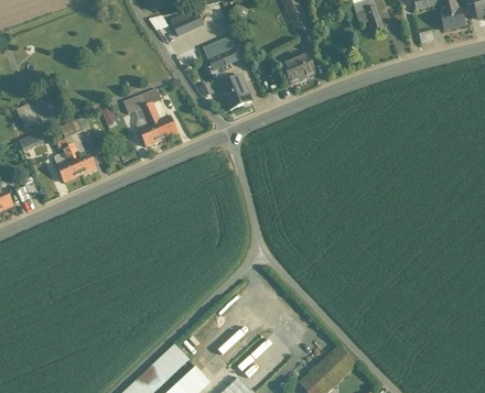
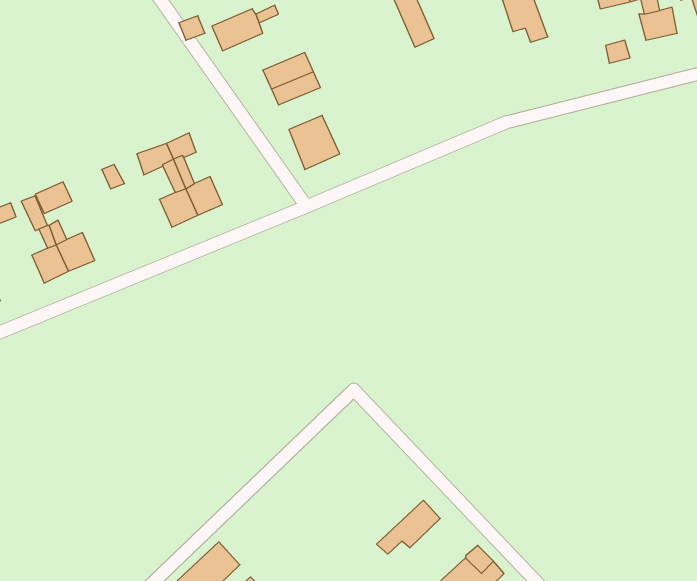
building: [282,54,316,83] -> none
building: none -> [377,500,440,554]

